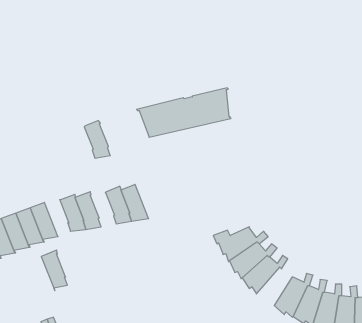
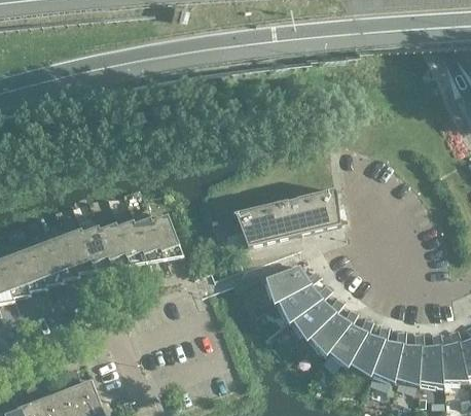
building: [137,88,231,137] -> [232,187,340,244]
building: [84,121,110,158] -> [115,219,145,263]
building: [41,250,67,291] -> [63,228,93,274]
building: none -> [306,307,355,354]

